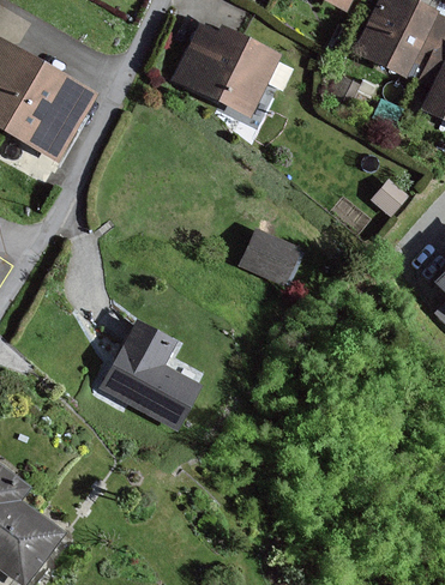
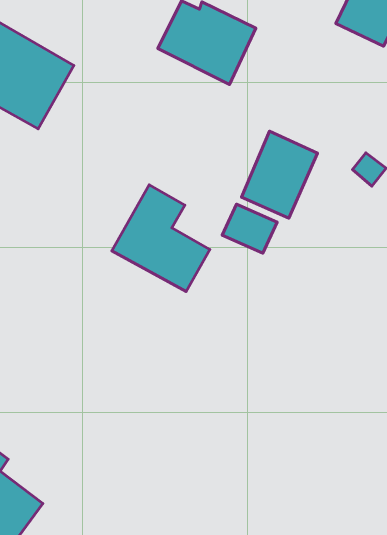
building: none -> [242,131,317,218]
building: [102,322,200,429] -> [112,185,210,291]

